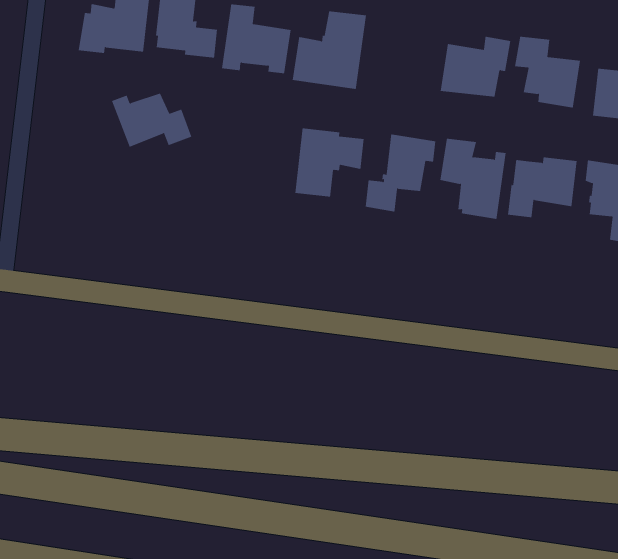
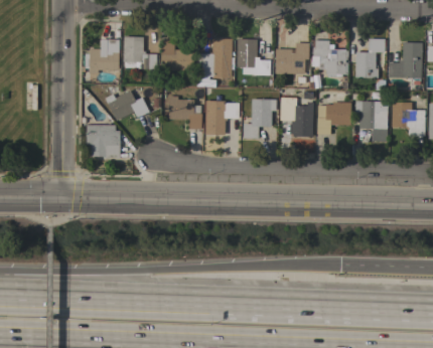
building: none -> [237,39,271,75]
building: none -> [168,97,201,129]
building: none -> [87,125,120,159]

